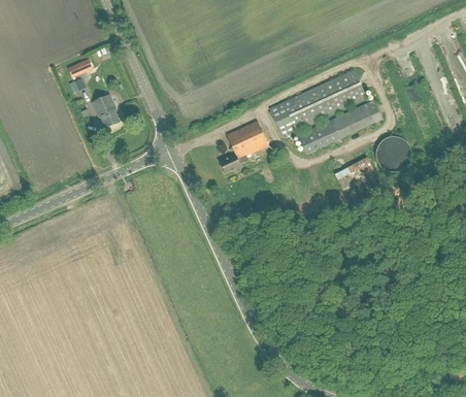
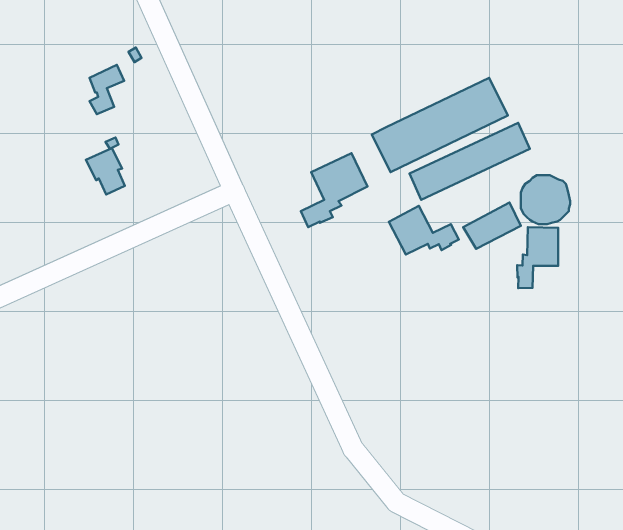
building: [93,94,121,127] -> [86,148,125,195]
building: none -> [389,206,459,254]
building: none -> [517,227,558,288]

